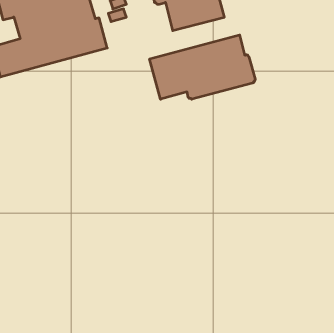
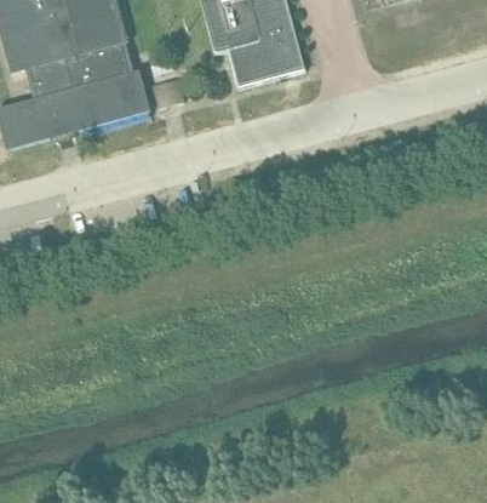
building: [150,35,255,99] -> none

